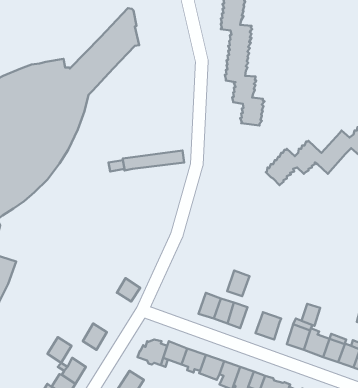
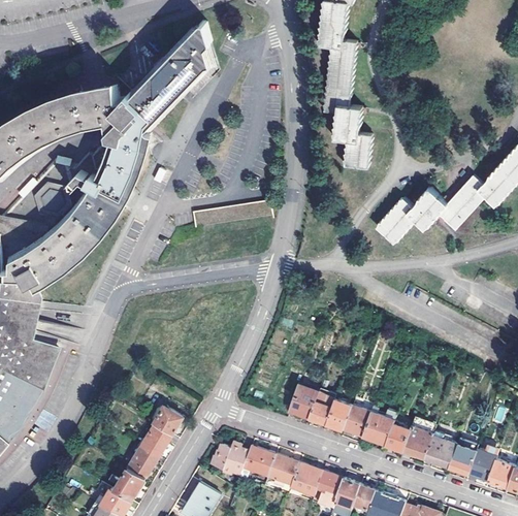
building: [227,270,250,296] -> [343,404,371,437]
building: [117,278,140,302] -> [153,406,183,436]
building: [302,304,320,326] -> [386,423,410,451]
building: [47,337,72,363] -> [127,447,158,480]

